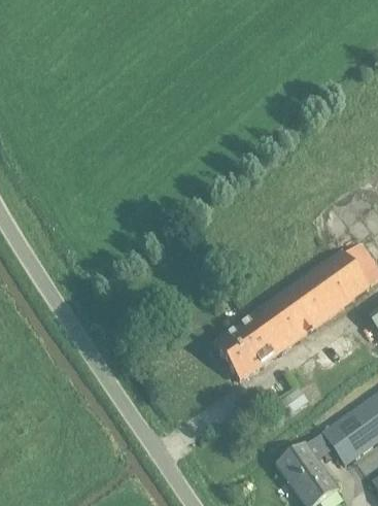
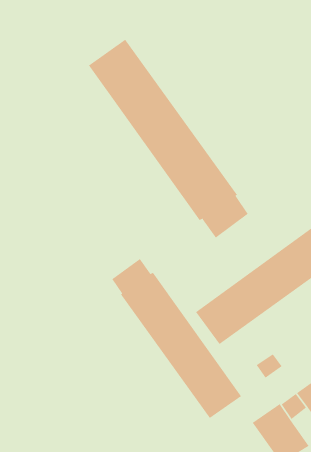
building: none -> [88,39,249,238]
building: none -> [112,258,242,419]

